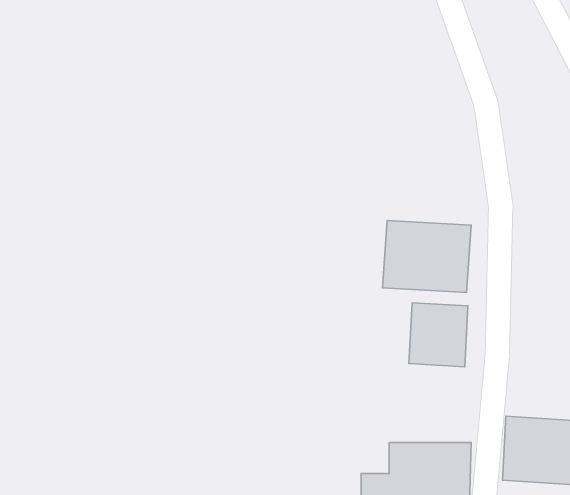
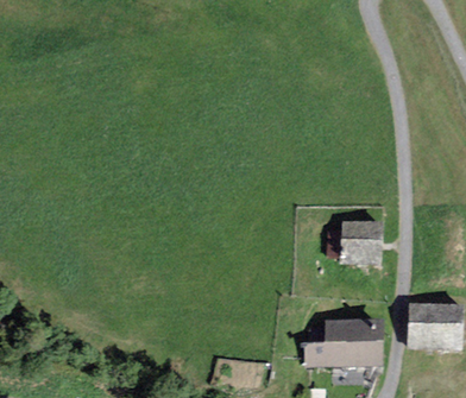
building: [383,221,471,292] -> none

